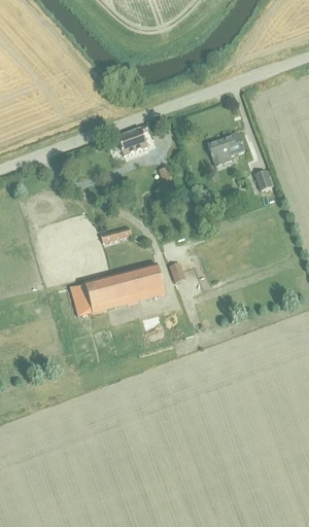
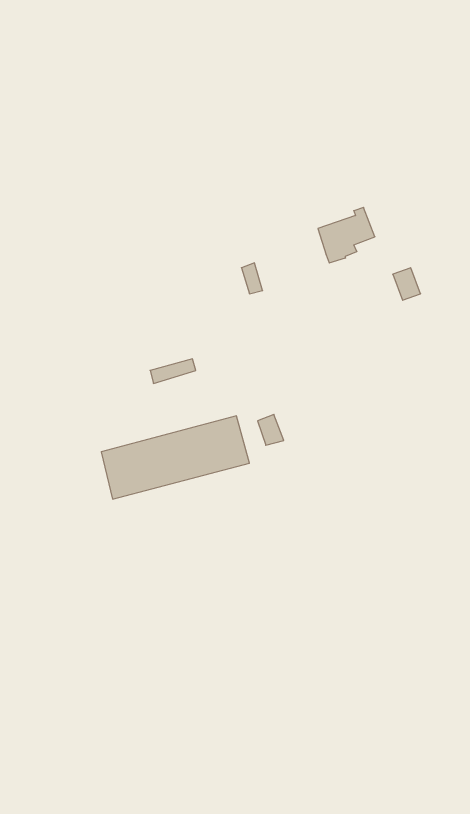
building: [113,126,150,155] -> none

